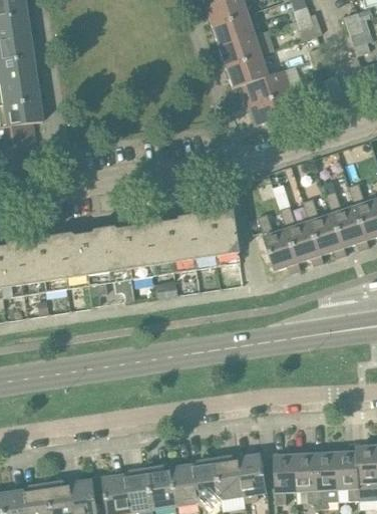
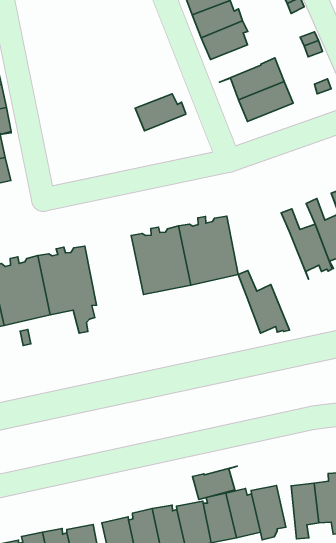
building: [226,54,271,86] -> [135,94,186,131]
building: [259,213,302,270] -> [238,271,289,333]
building: [102,220,152,300] -> none
building: none -> [193,466,237,500]

